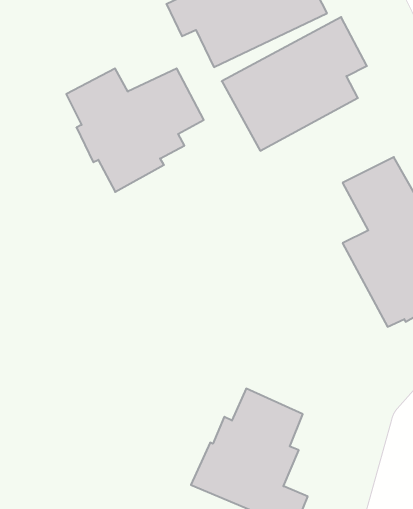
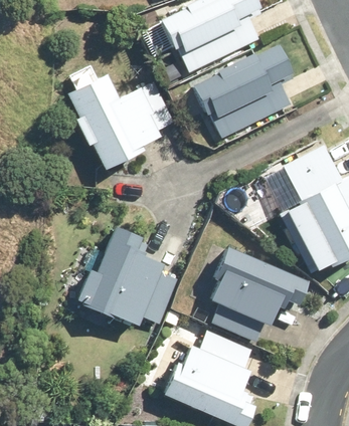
building: none -> [77,229,177,330]
building: none -> [212,248,310,342]

